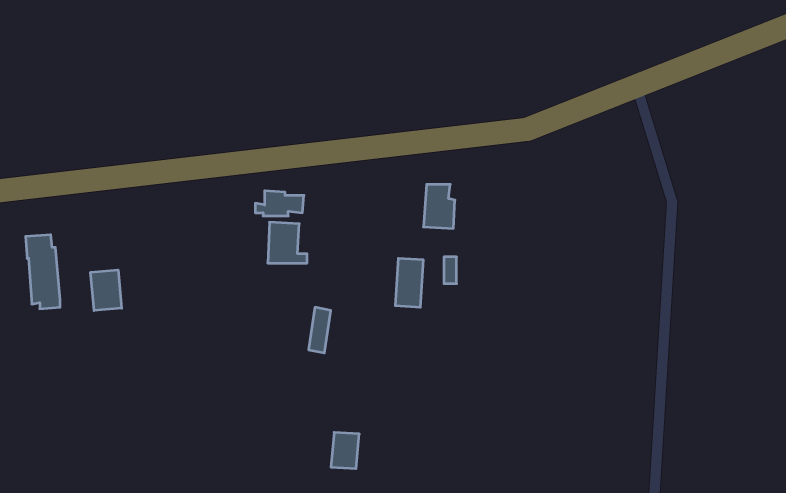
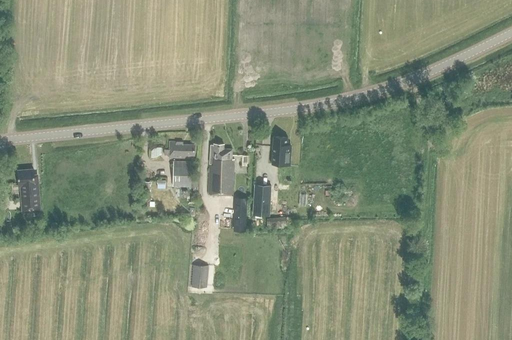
building: none -> [209,144,234,195]
building: [91,270,122,311] -> none
building: [331,432,359,469] -> [190,265,208,288]

